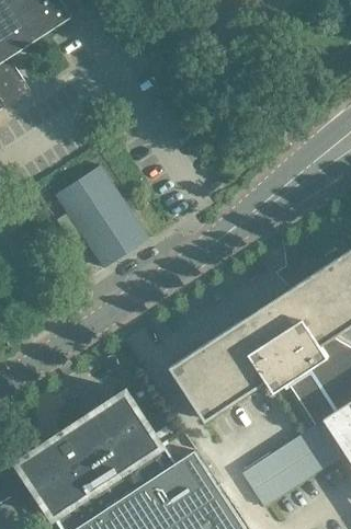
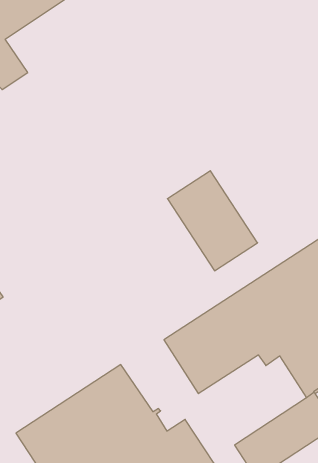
building: [56,165,148,267] -> [167,171,258,271]

